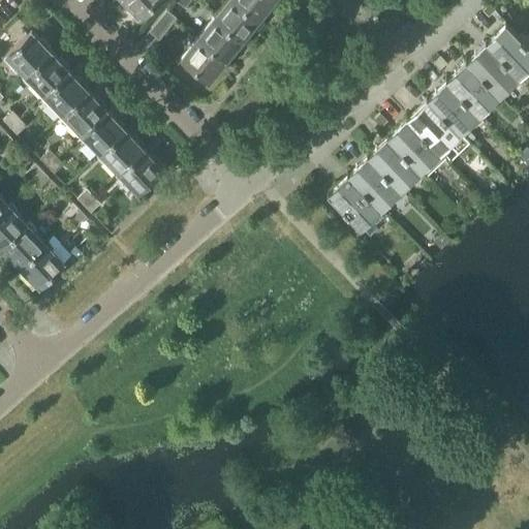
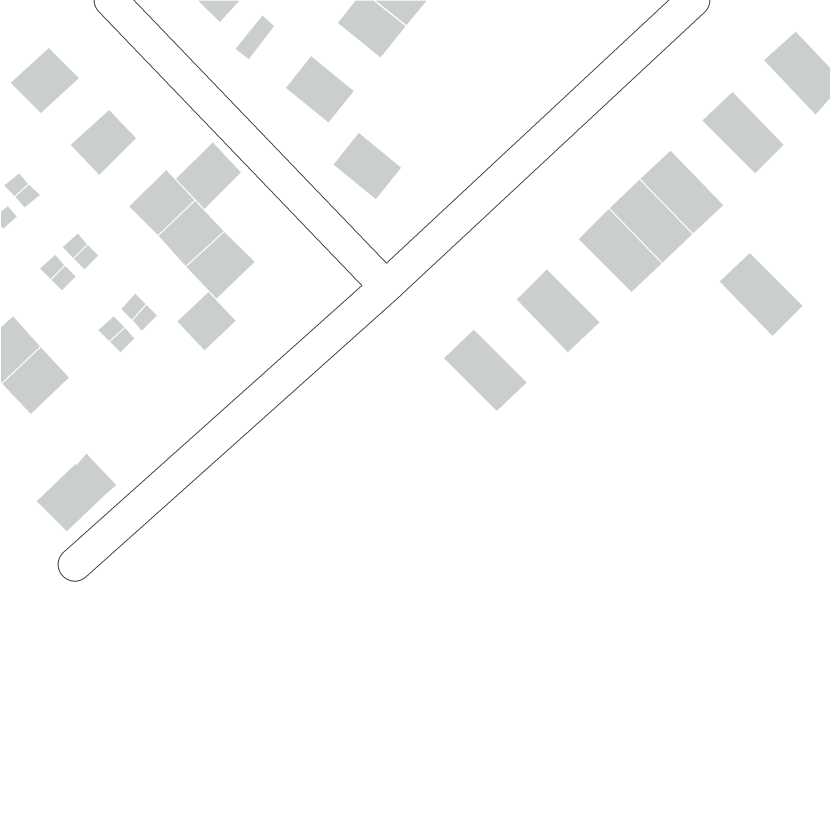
building: [198,22,243,65] -> [332,132,402,200]
building: [466,45,519,99] -> none
building: [27,57,70,99] -> none
building: [427,84,480,137] -> [719,252,803,337]
building: [64,95,106,138] -> [175,142,242,210]
building: [348,159,402,212] -> [443,329,528,412]
building: none -> [177,291,236,351]
building: [21,240,72,290] -> [36,452,117,532]

